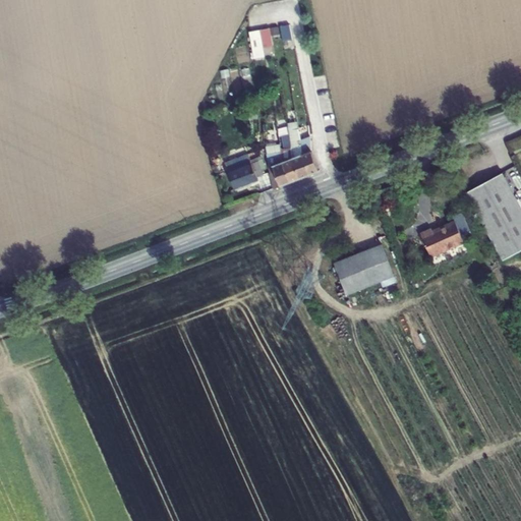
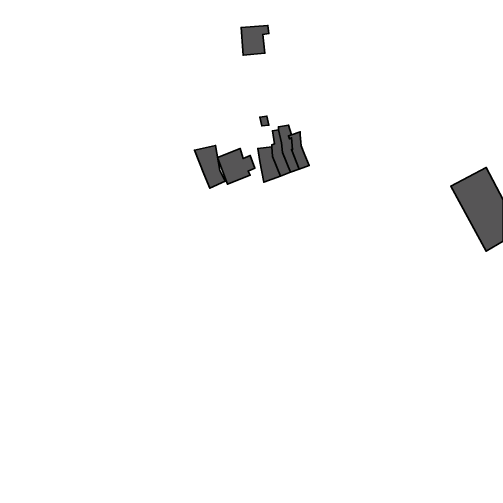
building: none -> [195,146,225,188]
building: [421,222,464,255] -> none
building: [334,244,394,294] -> none

